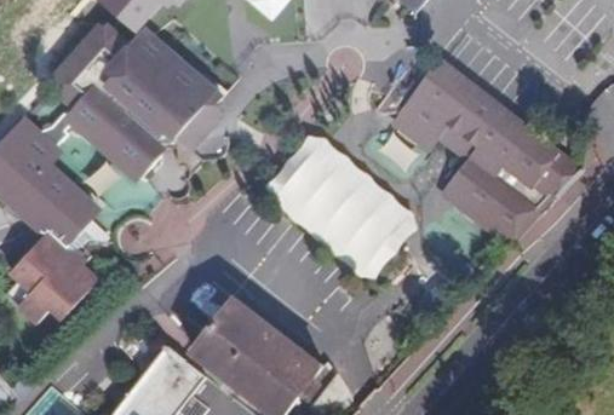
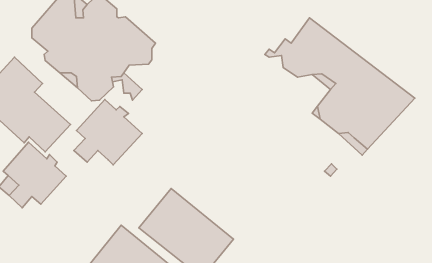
building: [265,133,425,273] -> none
building: none -> [74,100,142,165]

